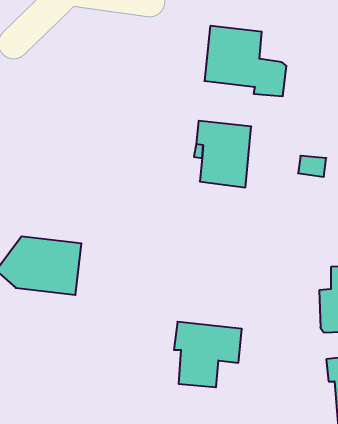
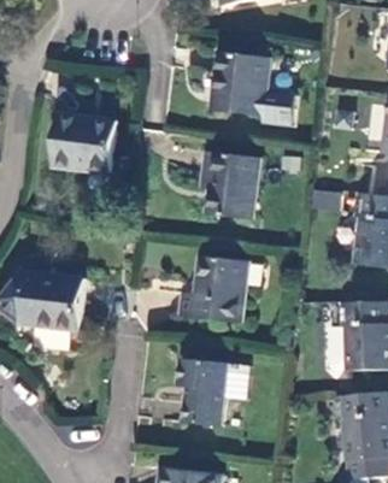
building: none -> [53,113,117,173]
building: none -> [178,257,249,323]

